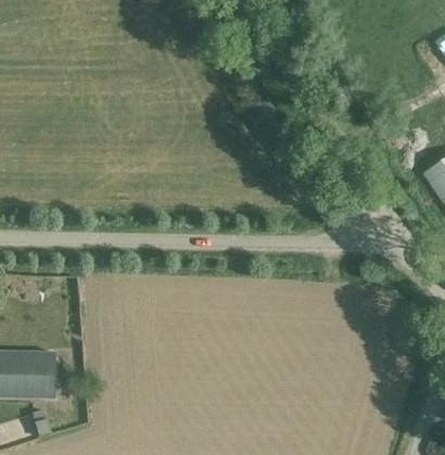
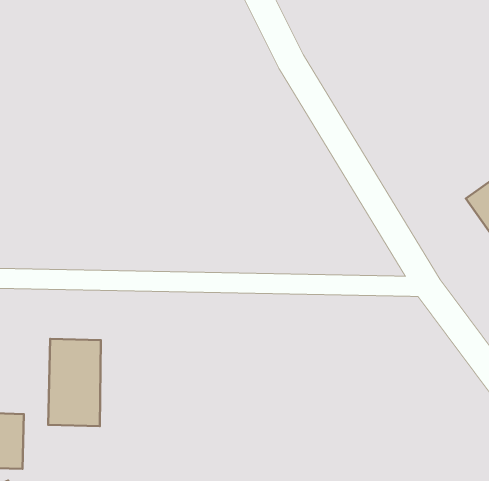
building: none -> [48,339,101,426]

